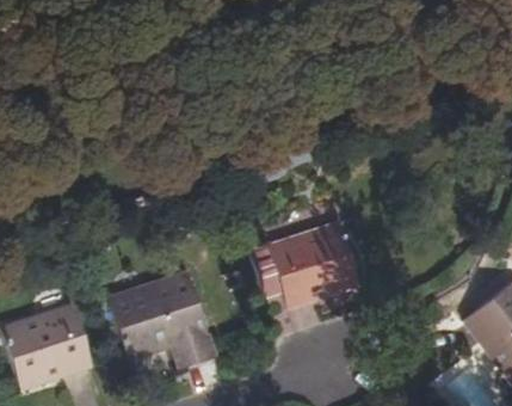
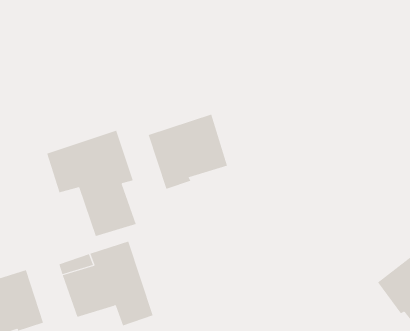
building: none -> [46,130,136,237]
building: [267,222,357,307] -> [148,114,228,189]

